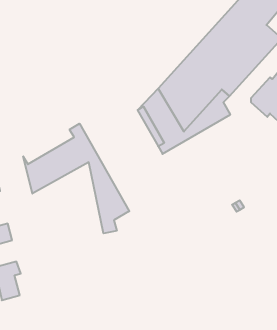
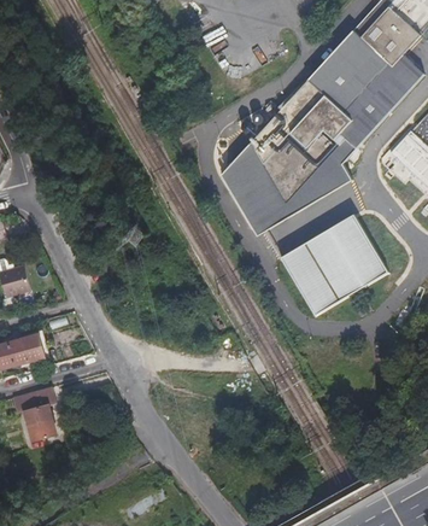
building: [23,124,129,233] -> none
building: none -> [281,212,388,315]

